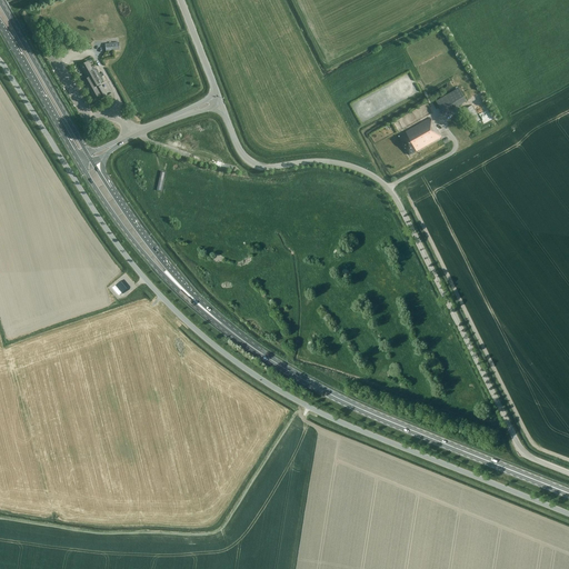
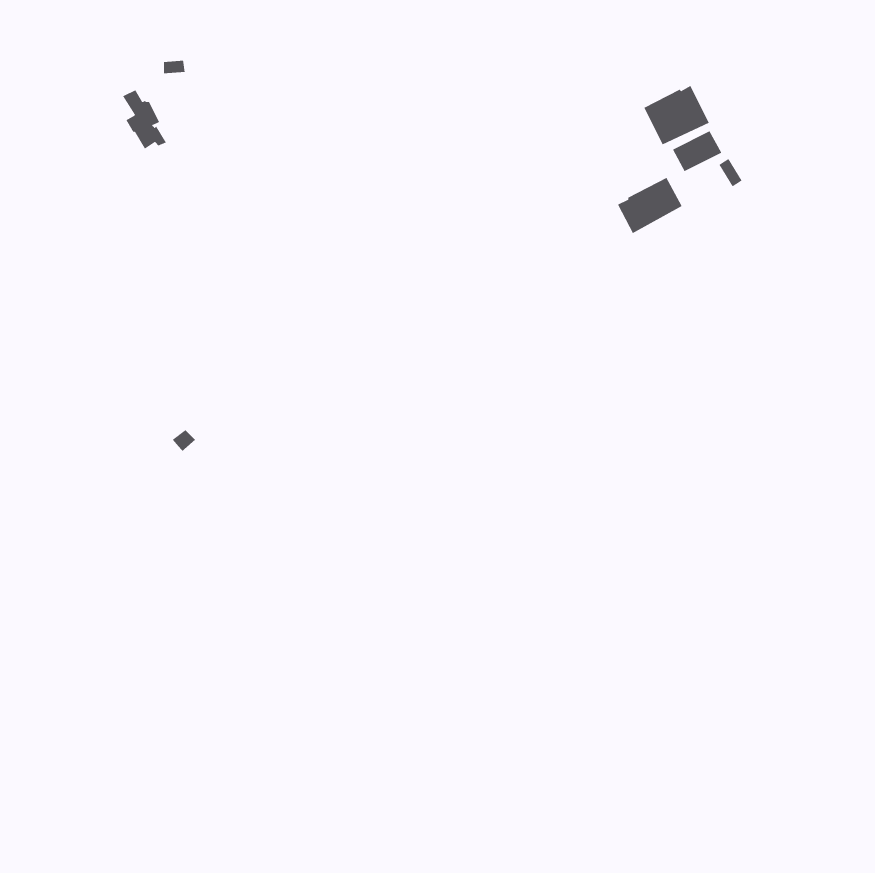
building: none -> [643,85,709,145]

